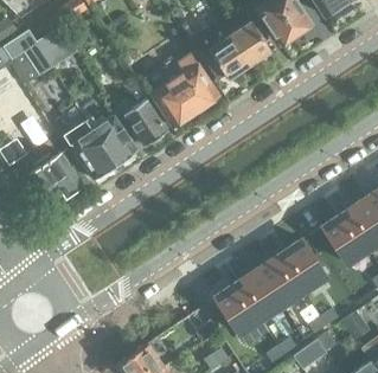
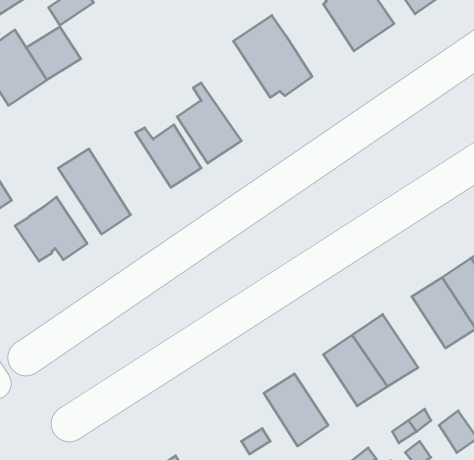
building: [229,20,269,63] -> none
building: [166,52,219,110] -> none
building: [85,114,137,165] -> none
building: [235,268,281,320] -> none

